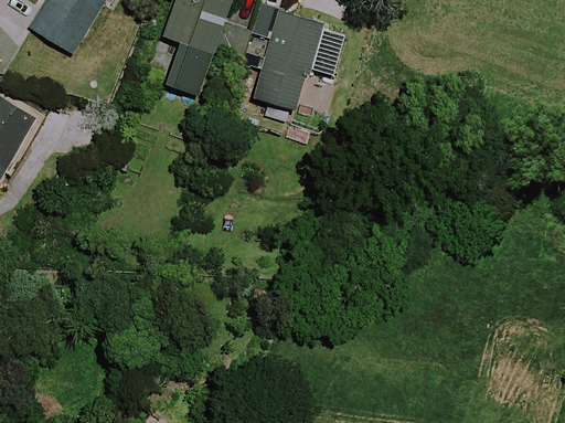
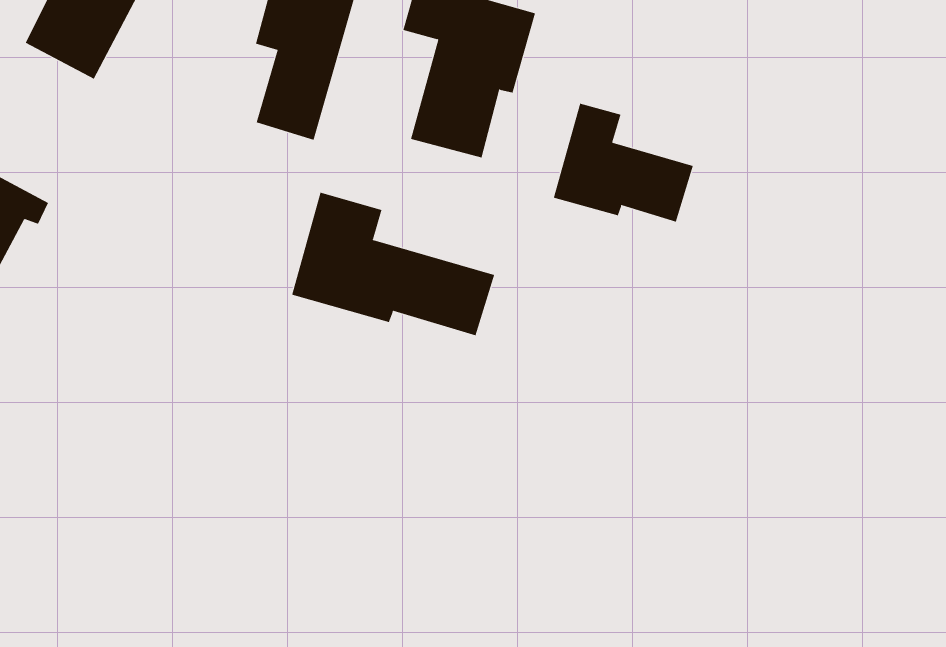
building: none -> [553,103,693,223]
building: none -> [291,192,495,336]

